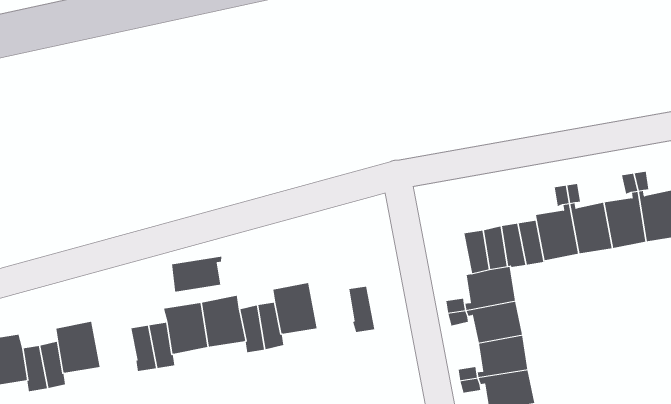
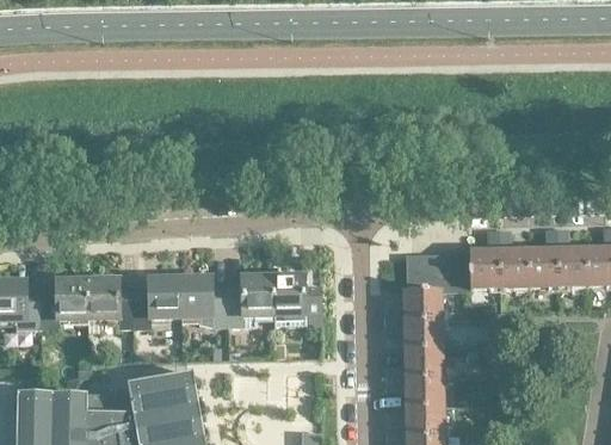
building: [172,256,222,292] -> none
building: none -> [272,276,304,315]
building: none -> [87,279,119,319]

